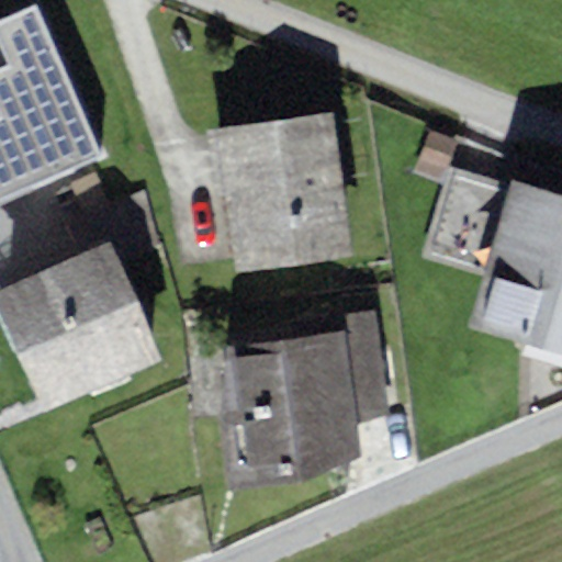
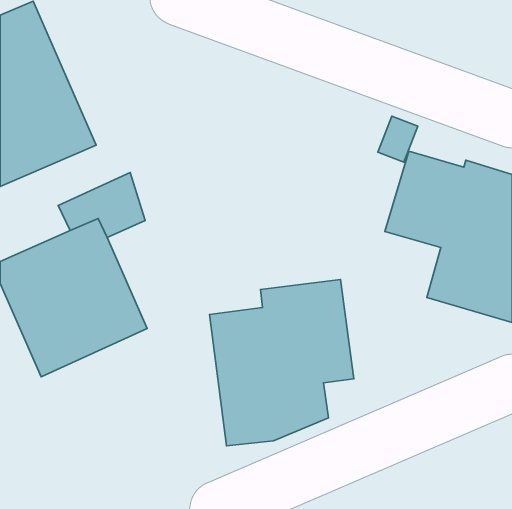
building: [205,110,353,276] -> none

